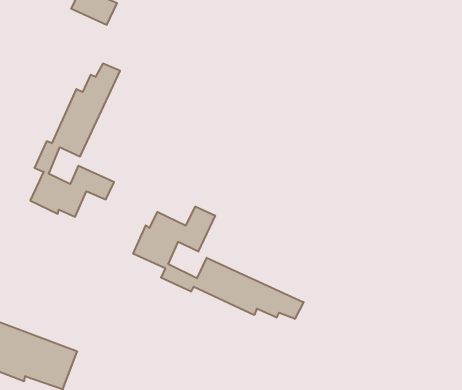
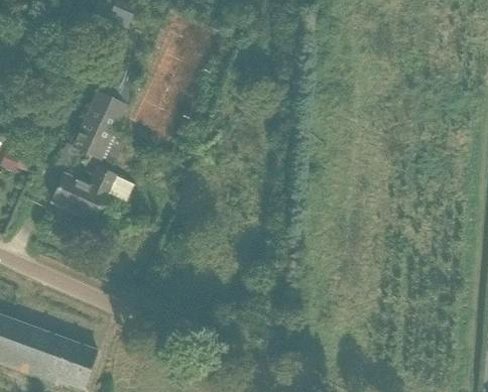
building: [133,207,304,319] -> none

